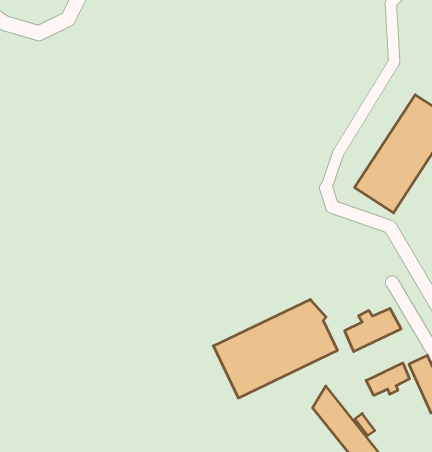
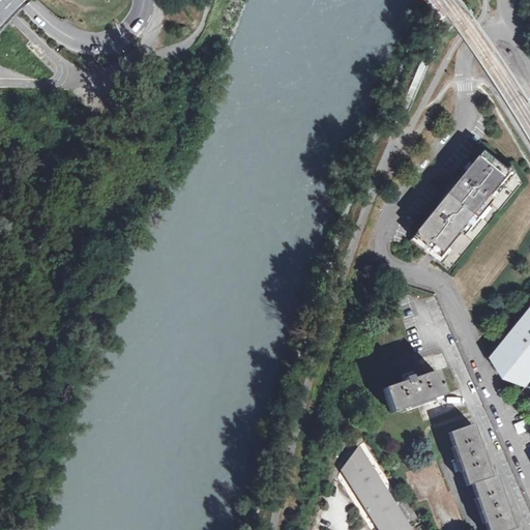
building: [213,299,337,398] -> none
building: [366,363,409,395] -> none

